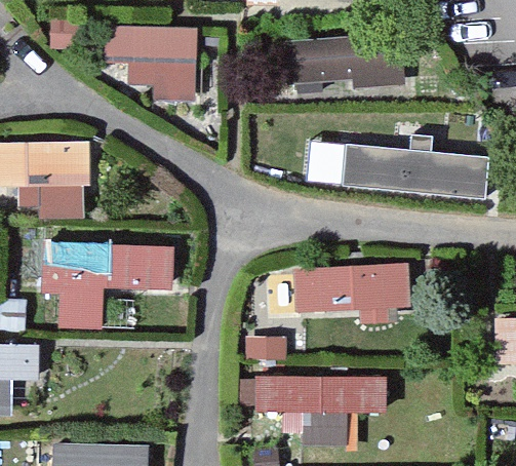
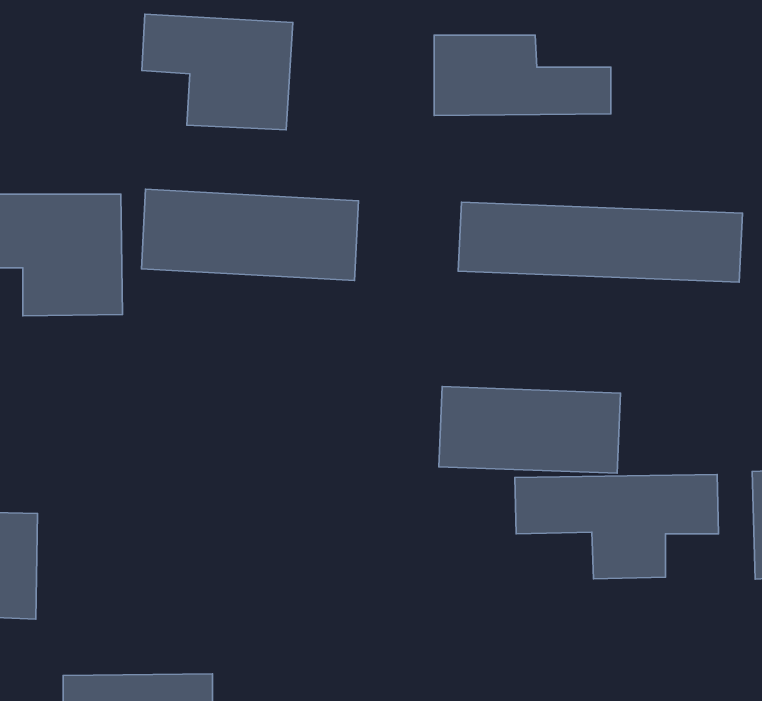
building: none -> [141,189,358,280]
building: [38,242,174,326] -> none
building: [254,374,385,440] -> [515,474,719,579]

